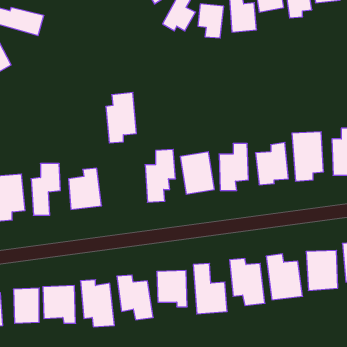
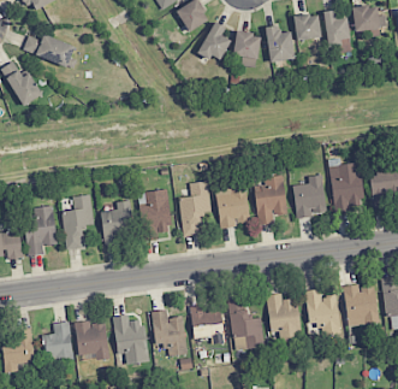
building: [106,92,136,143] -> [139,189,171,241]

